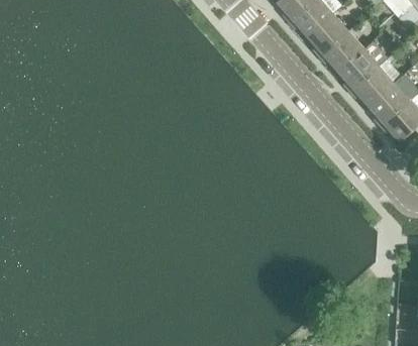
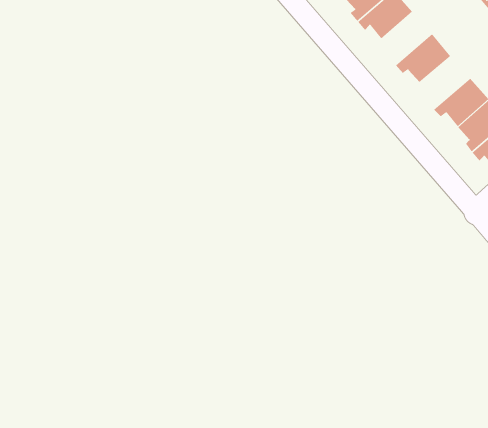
building: [308,14,348,56] -> none
building: [338,49,379,92] -> none

